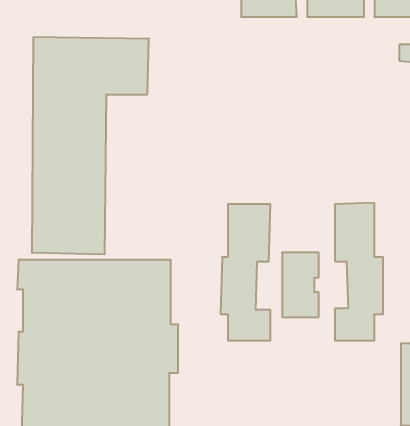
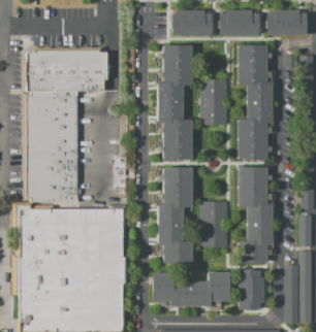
building: none -> [238,44,272,159]
building: none -> [158,45,192,159]
building: none -> [201,78,227,125]
building: none -> [239,270,263,309]
building: none -> [152,272,229,306]

